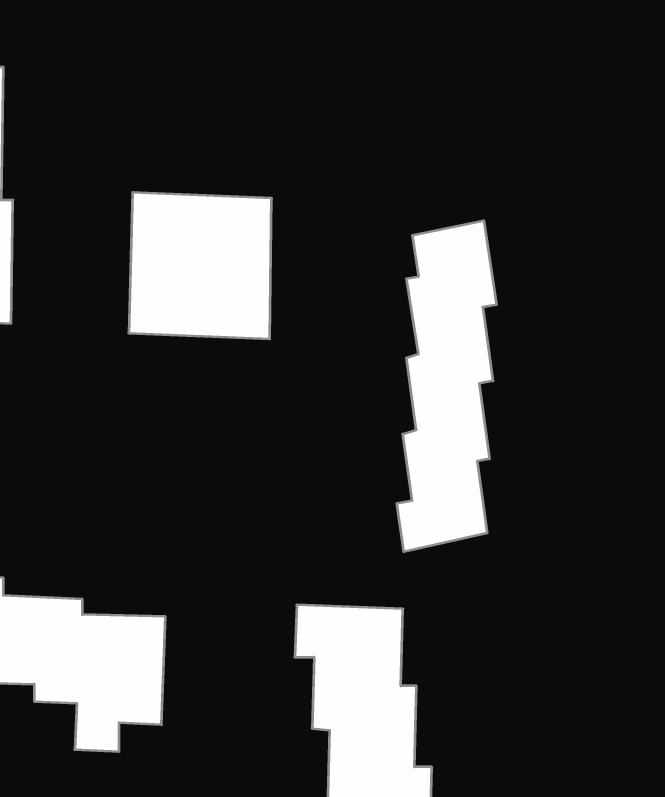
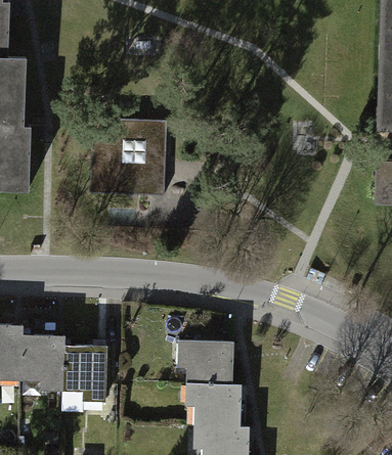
building: [397,221,496,552] -> none

